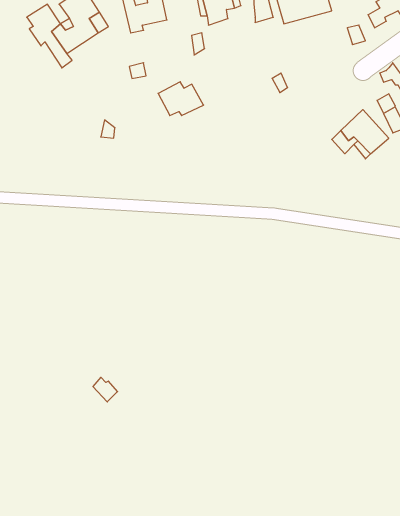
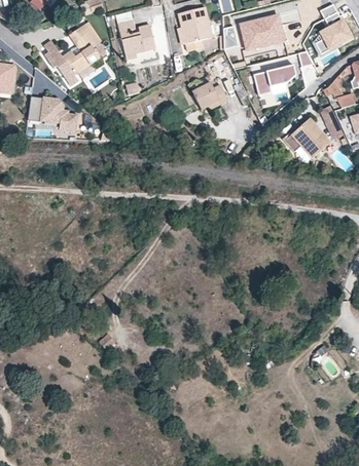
building: none -> [253,65,296,95]
building: [158,82,204,116] -> [192,82,228,109]
building: none -> [29,96,77,129]

